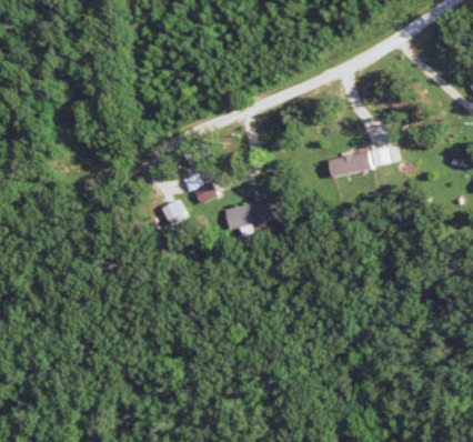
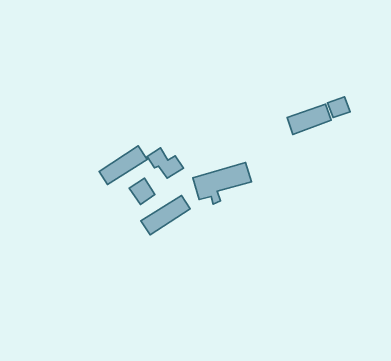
building: none -> [99,146,147,184]
building: none -> [141,195,190,235]

